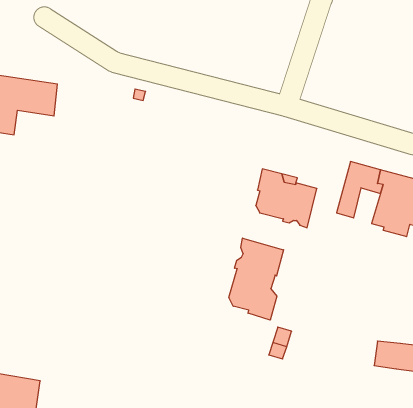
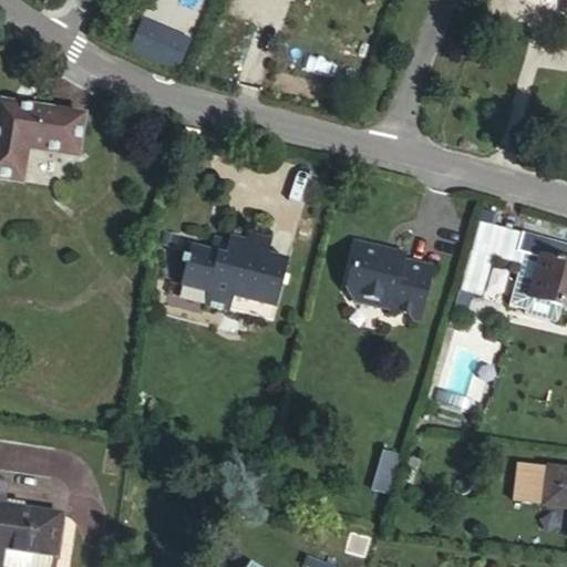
building: none -> [131,22,190,72]
building: none -> [182,226,291,313]
building: [229,238,284,320] -> none

